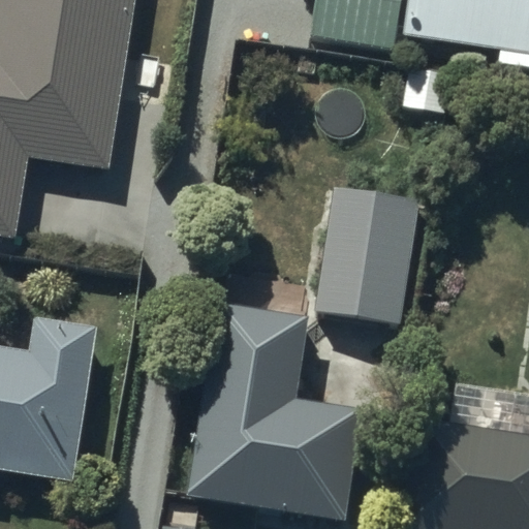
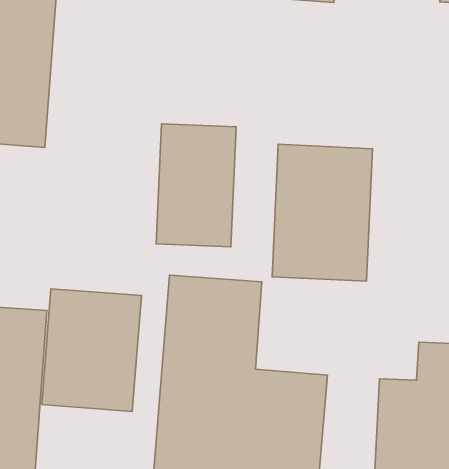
building: none -> [156,124,236,247]
building: none -> [42,289,141,411]

